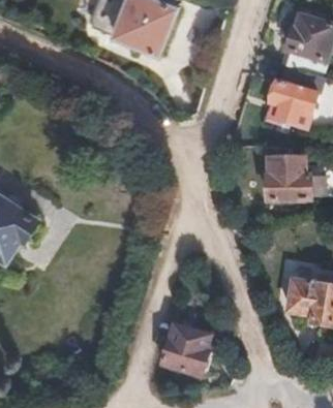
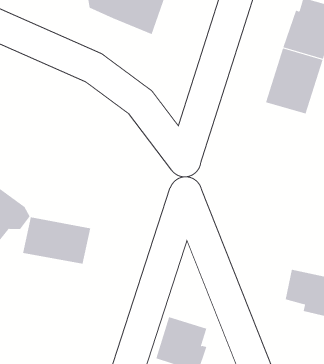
building: [267,158,311,201] -> none
building: none -> [23,217,91,265]

